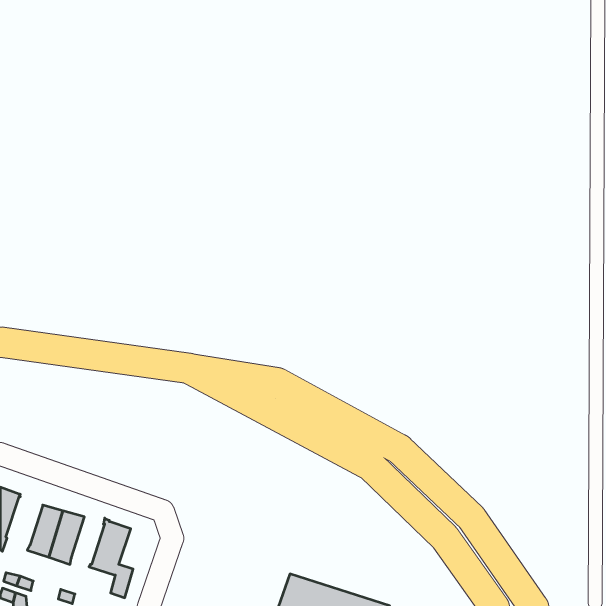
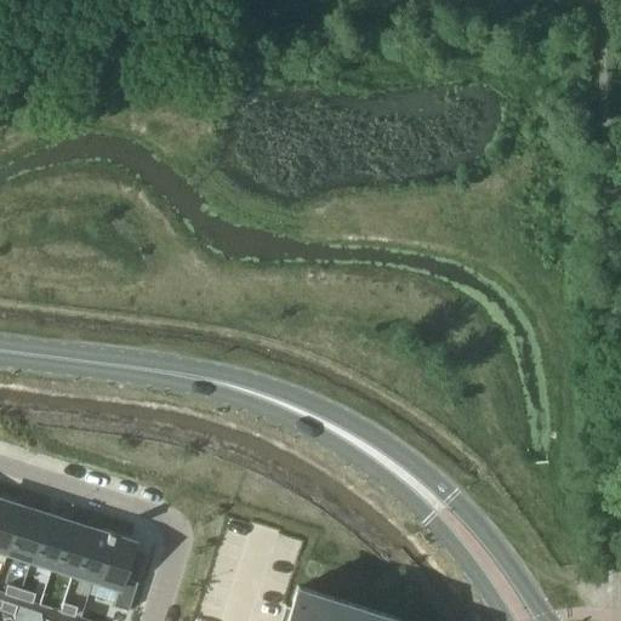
building: none -> [7,508,45,558]
building: none -> [74,529,108,577]

